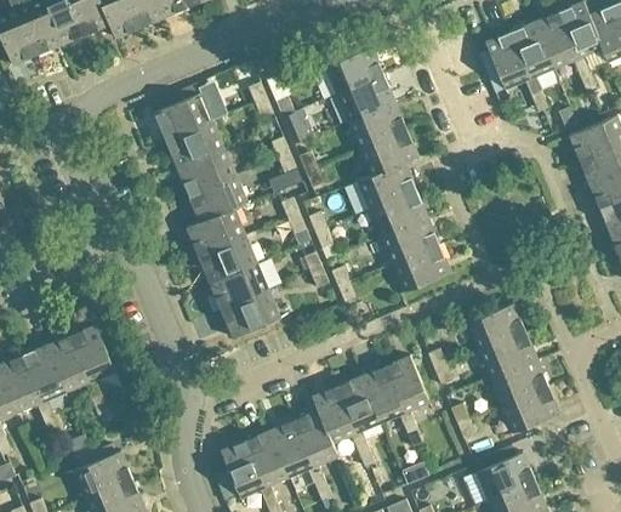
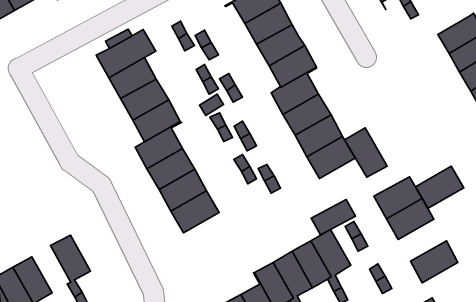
building: none -> [345,128,387,177]
building: none -> [311,199,356,235]
building: [46,334,90,391] -> none
building: [491,357,549,404] -> [415,166,464,208]

